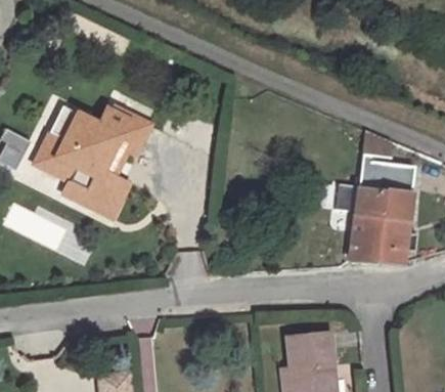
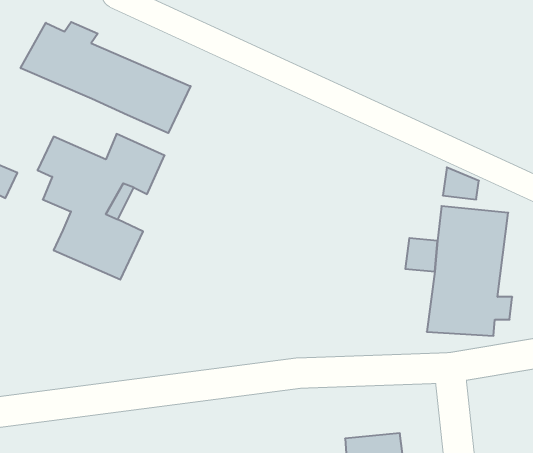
building: none -> [21,22,191,133]
building: [37,134,77,180] -> none

